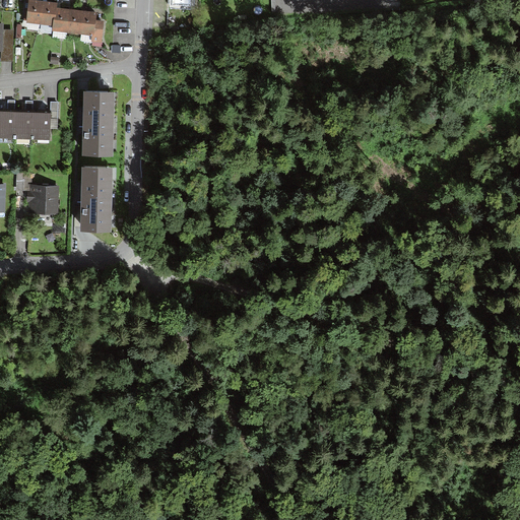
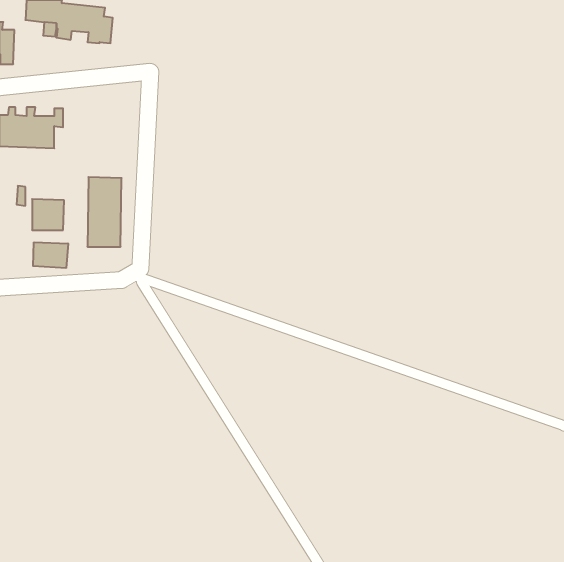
building: [81,88,114,154] -> none
building: none -> [33,242,68,268]

